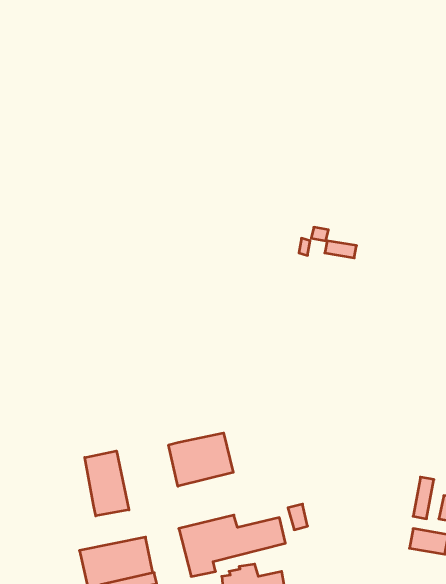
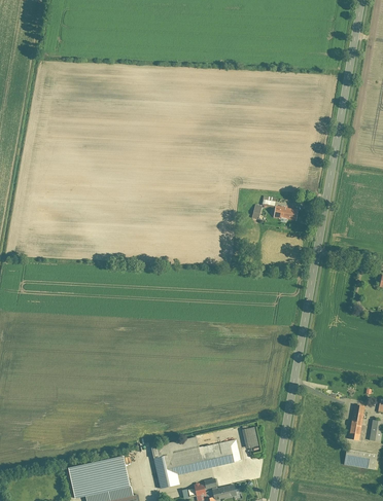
building: [169,433,233,486] -> none
building: [85,451,129,516] -> none

